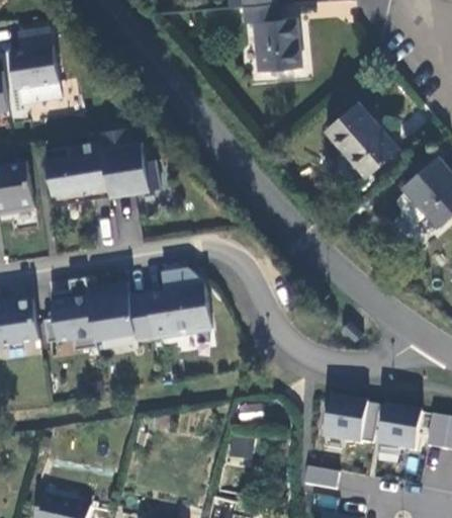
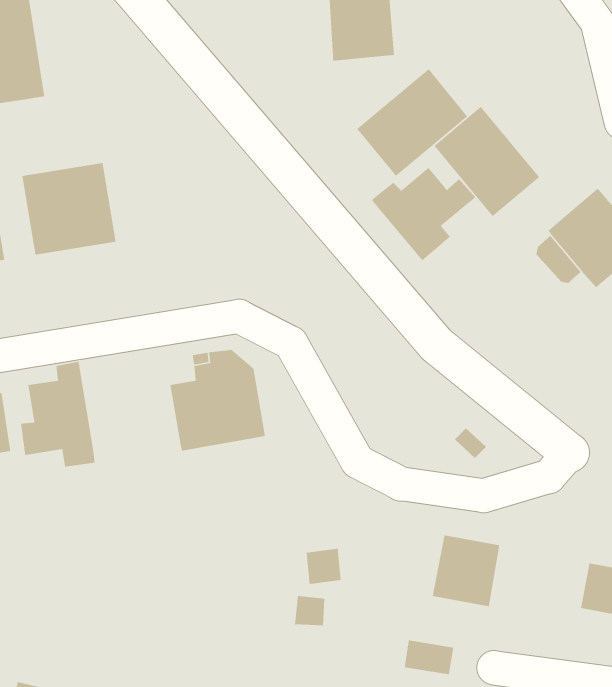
building: none -> [356,68,468,177]
building: [98,126,158,195] -> none
building: none -> [371,167,476,261]
building: [85,281,152,338] -> none
building: [380,405,426,450] -> none

